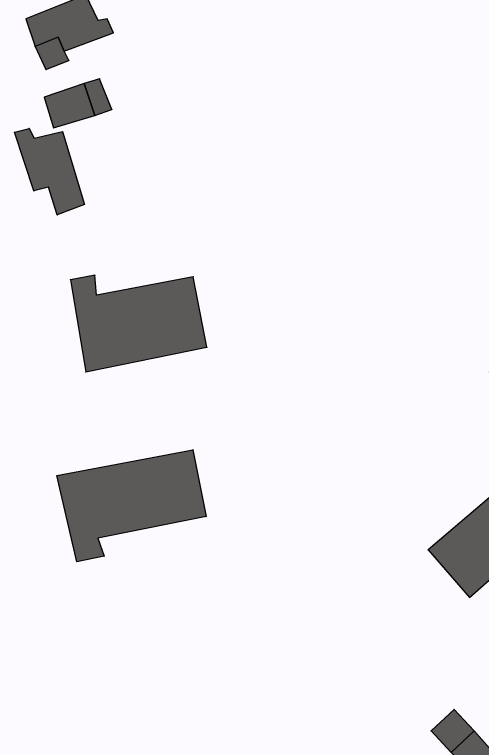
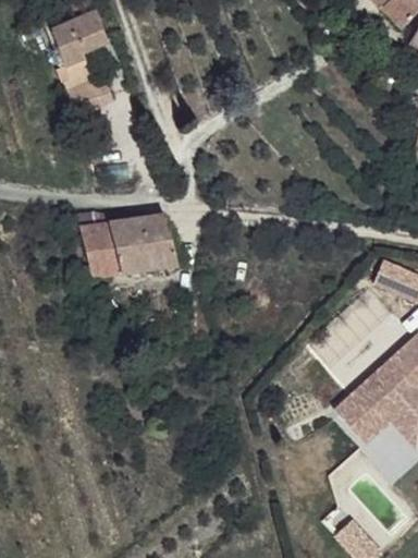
building: [14,128,85,215] -> none
building: [57,450,206,562] -> none

